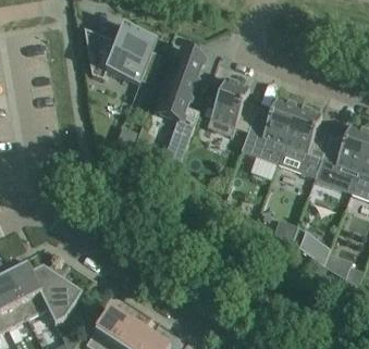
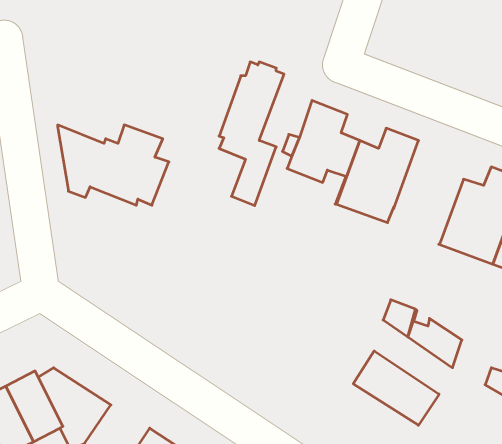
building: [84,27,162,84] -> [58,125,169,205]
building: [278,105,331,177] -> none
building: none -> [353,351,439,425]

